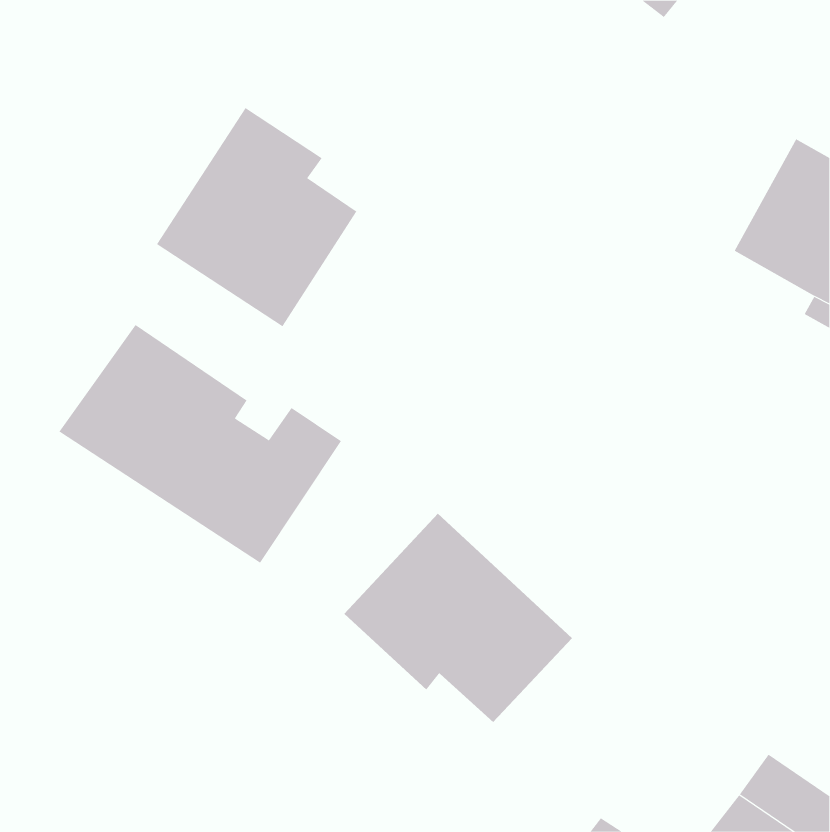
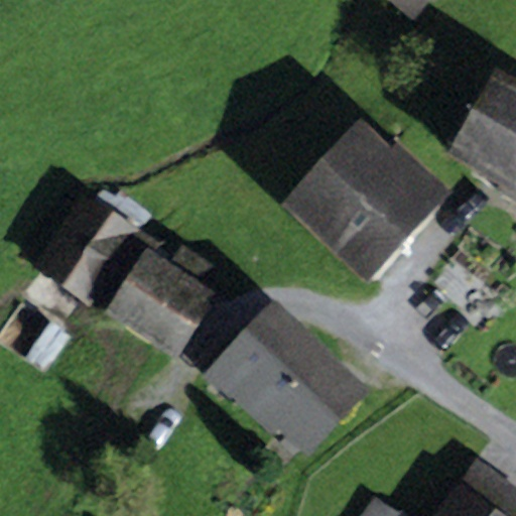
building: [156,107,357,327] -> none
building: none -> [291,136,431,276]

